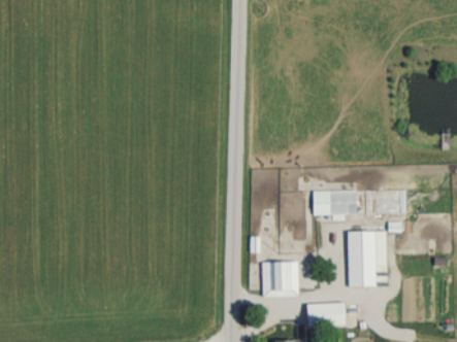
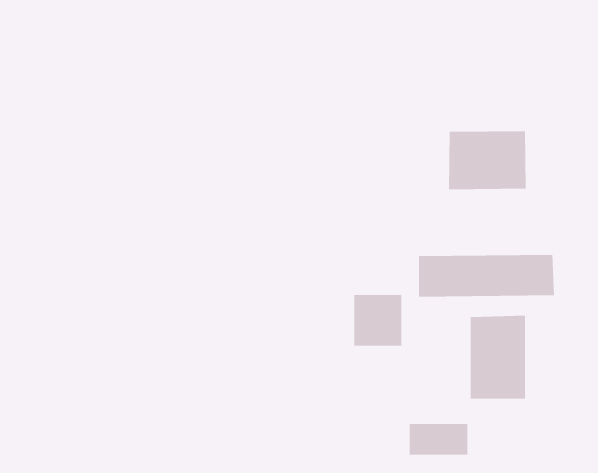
building: none -> [448,130,526,190]
building: [264,260,297,295] -> [354,294,402,346]

